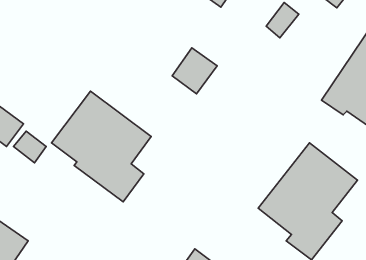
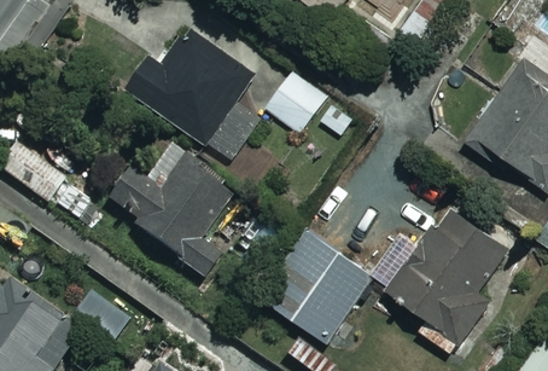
building: none -> [127,31,262,161]
building: none -> [262,231,372,342]

